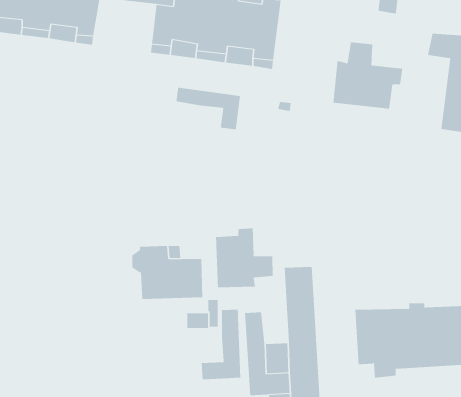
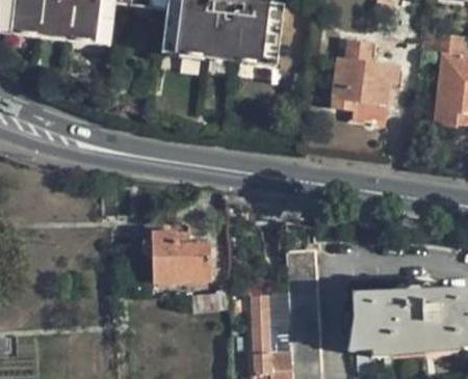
building: [176,87,241,130] -> none
building: none -> [330,100,386,126]
building: [216,228,273,288] -> none
building: [201,309,241,380] -> none

